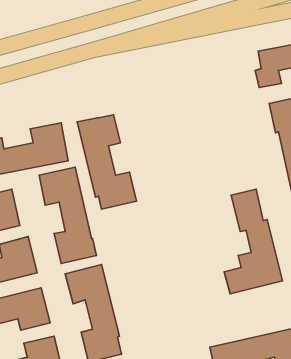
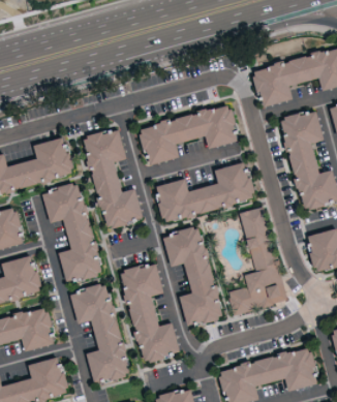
building: none -> [139,104,239,165]
building: none -> [155,162,254,222]
building: none -> [162,226,222,323]
building: none -> [120,264,179,362]

